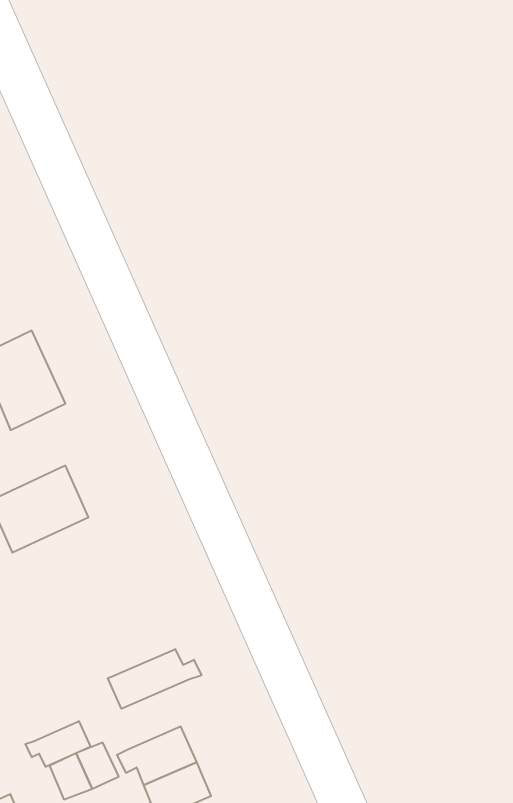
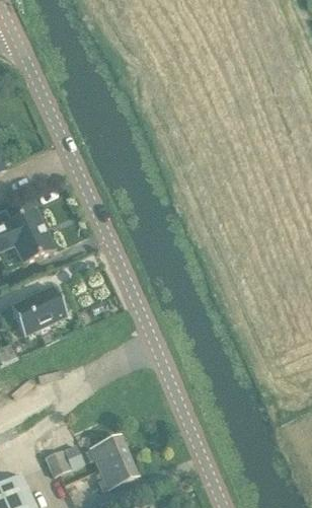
building: [108,649,201,709] -> none
building: [25,721,91,767] -> none

